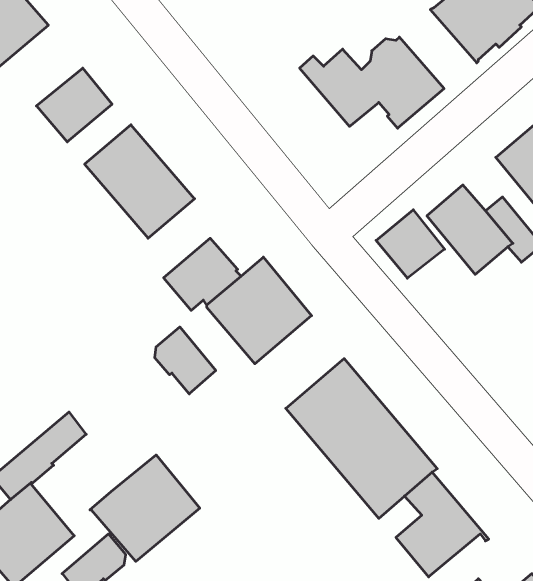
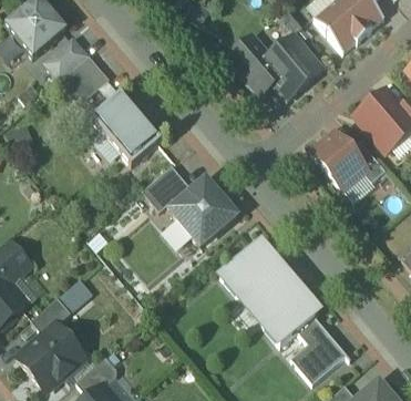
building: none -> [43,35,90,81]
building: [376,210,445,278] -> none
building: [155,327,216,394] -> none
building: [90,455,200,561] -> none

